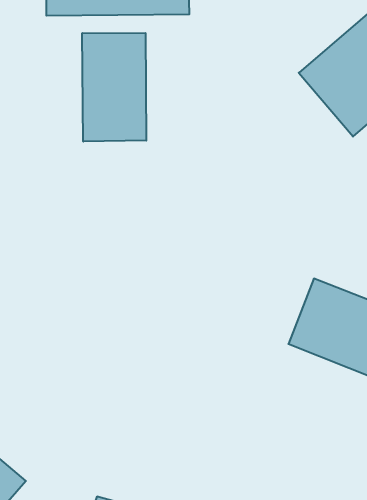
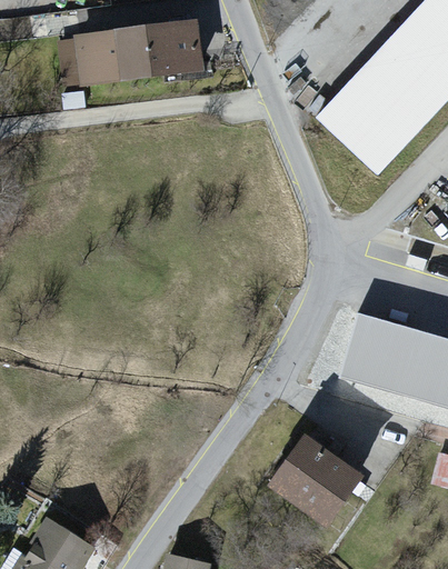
building: [82,33,146,142] -> none
building: none -> [275,432,369,526]

